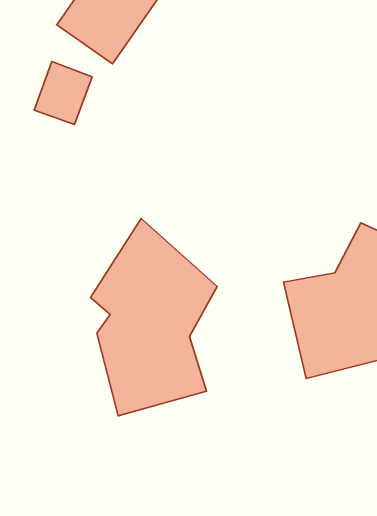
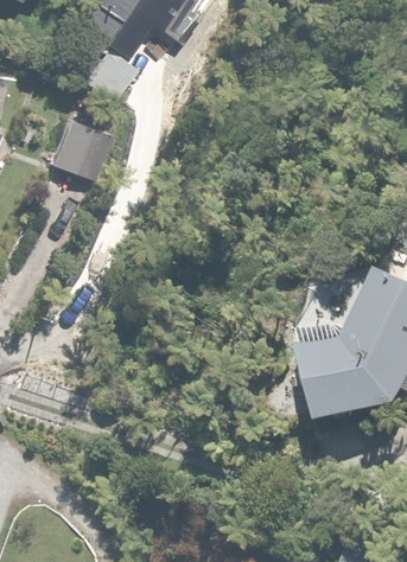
building: [91,219,217,416] -> none

